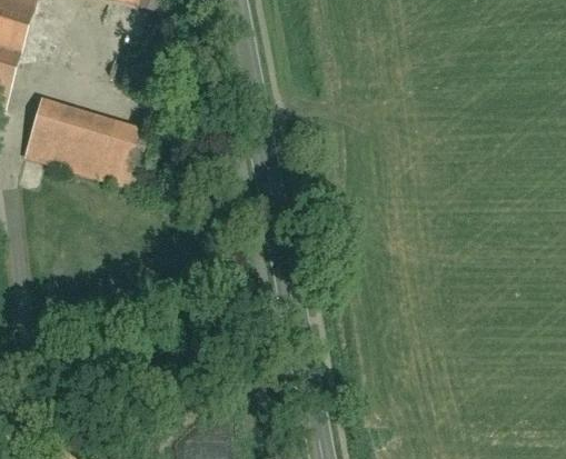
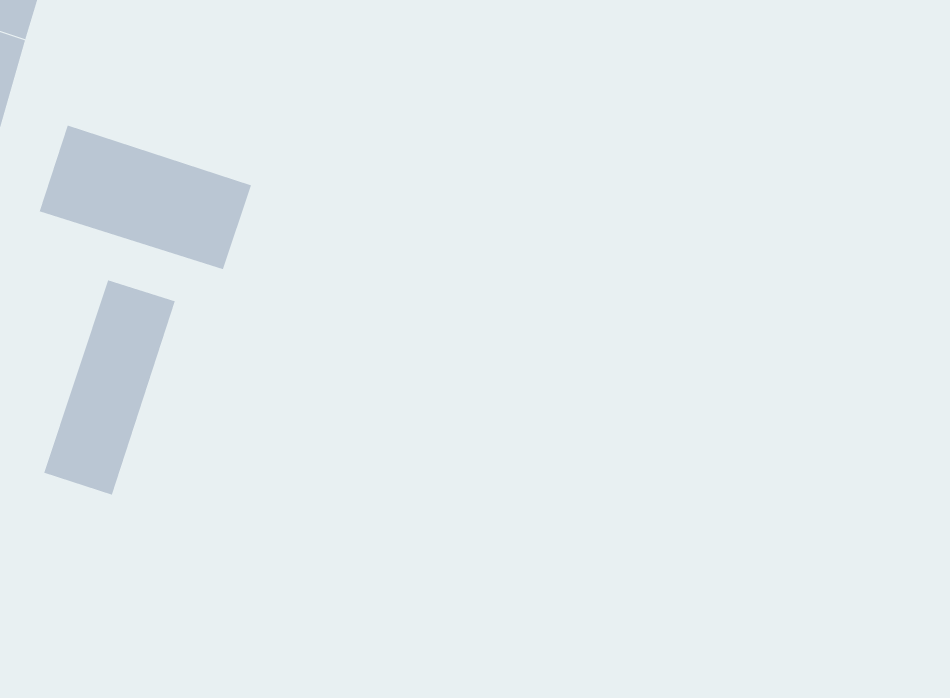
building: none -> [43,280,176,495]

